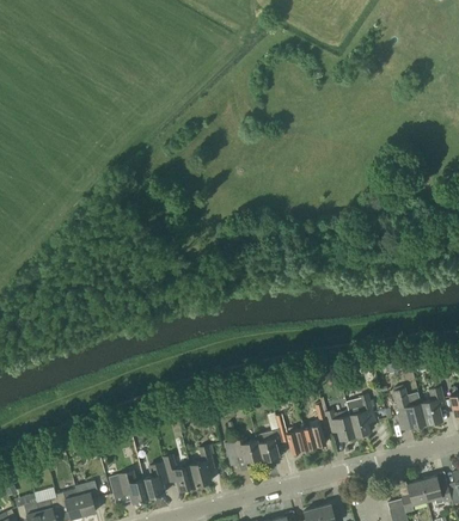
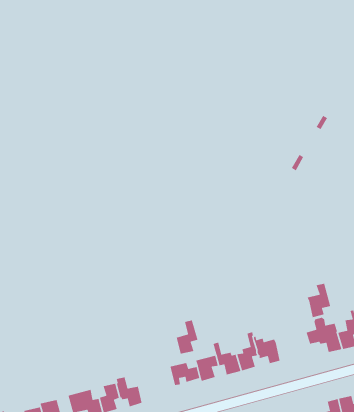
building: [347,394,375,437] -> [306,283,331,320]
building: [189,446,215,486] -> [176,320,199,355]

